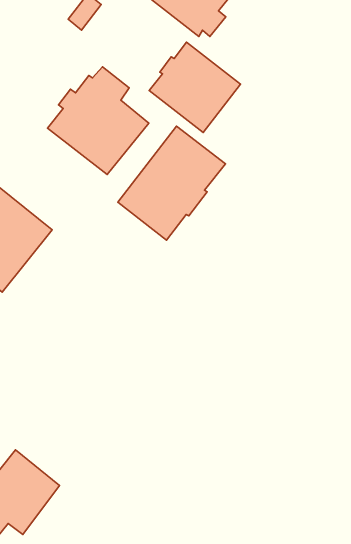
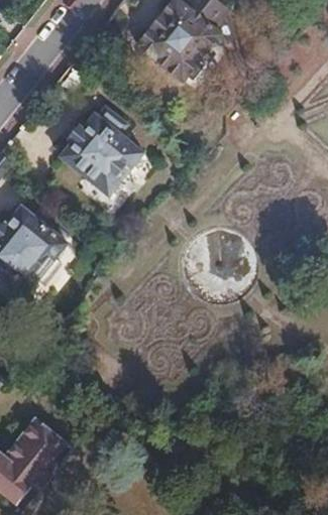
building: [149,42,240,132] -> none
building: [118,126,225,240] -> none

